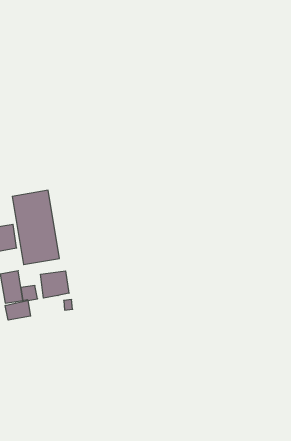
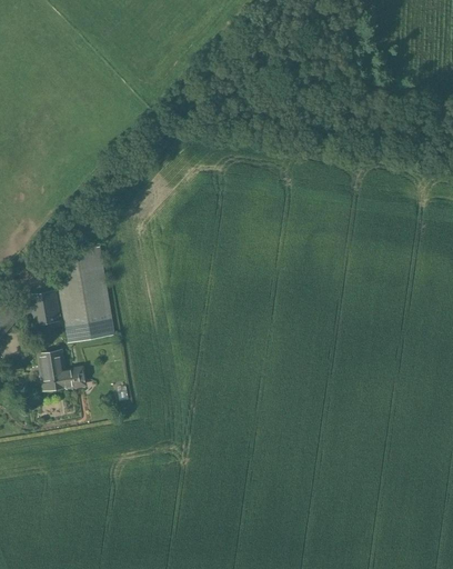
building: [41,271,69,298] -> none
building: [5,300,31,320] -> none

